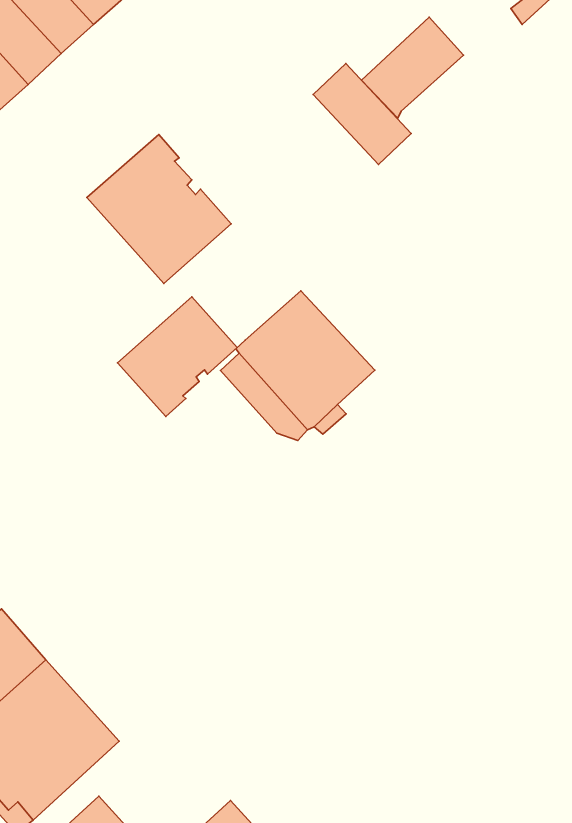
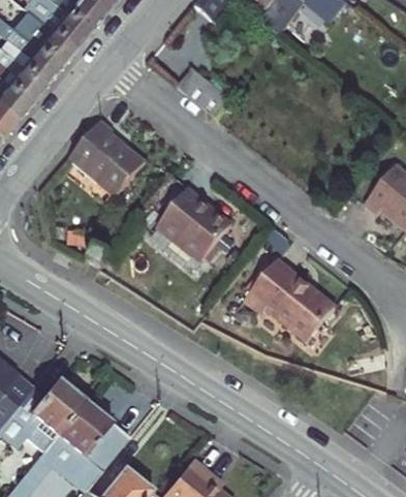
building: [362,17,464,118] -> none
building: [117,297,237,416] -> none
building: none -> [245,261,336,339]

